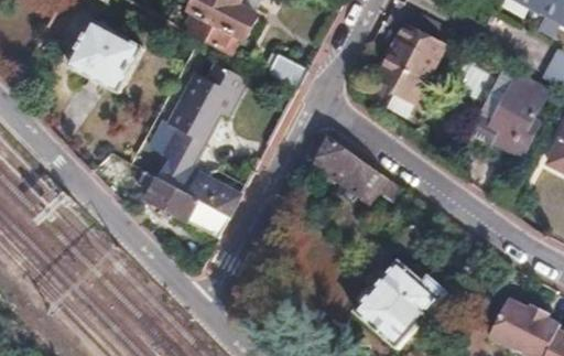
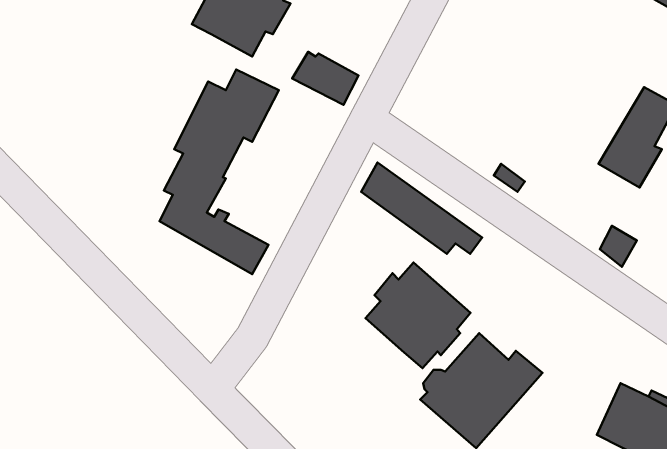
building: [68,19,141,89] -> none
building: [376,23,443,103] -> none
building: [139,169,228,237] -> none
building: none -> [366,263,470,368]

